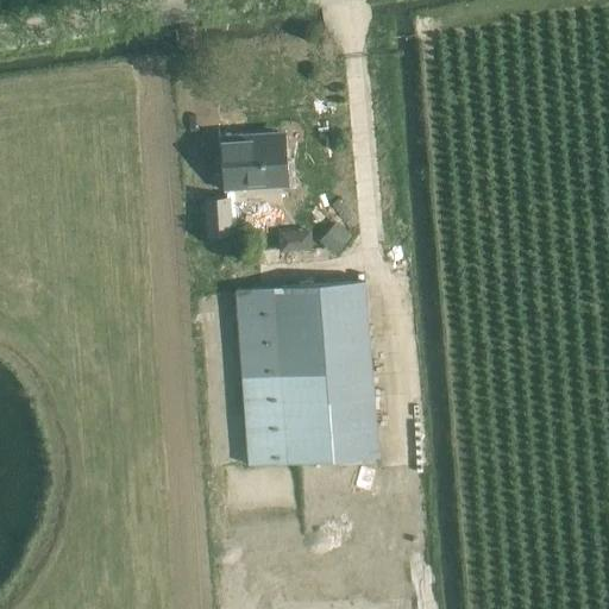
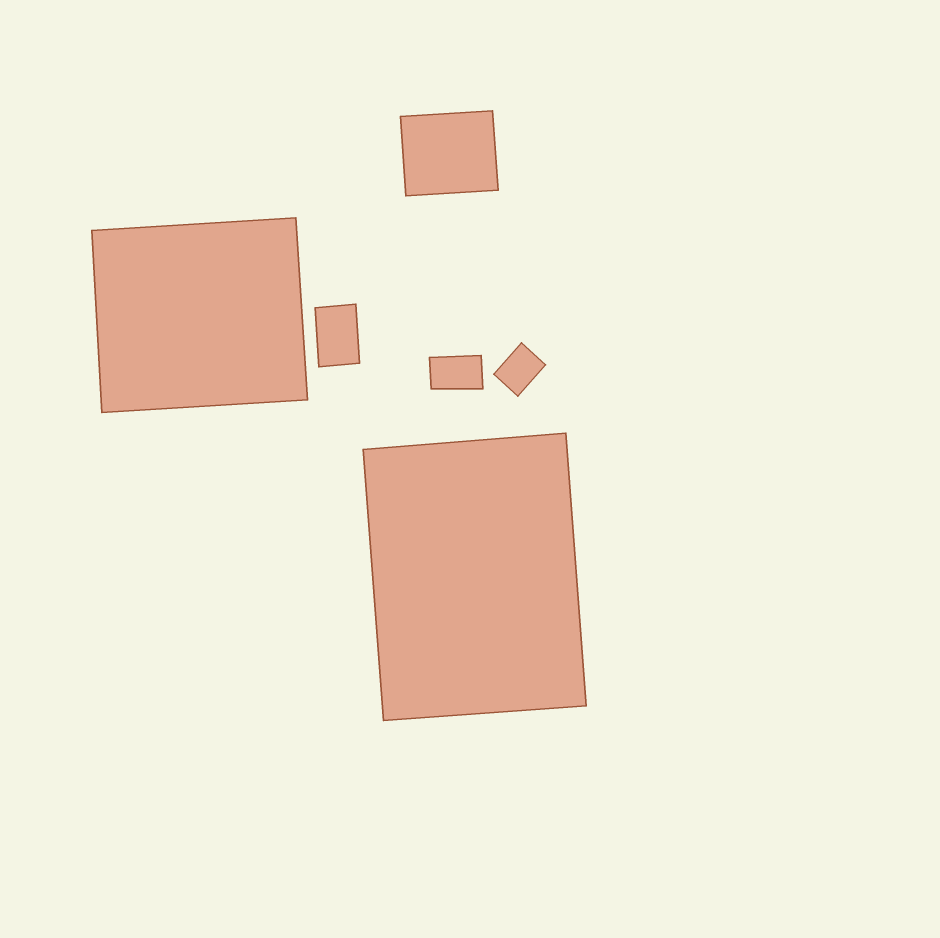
building: [224,136,287,190] -> [400,111,498,196]
building: none -> [92,218,308,413]

